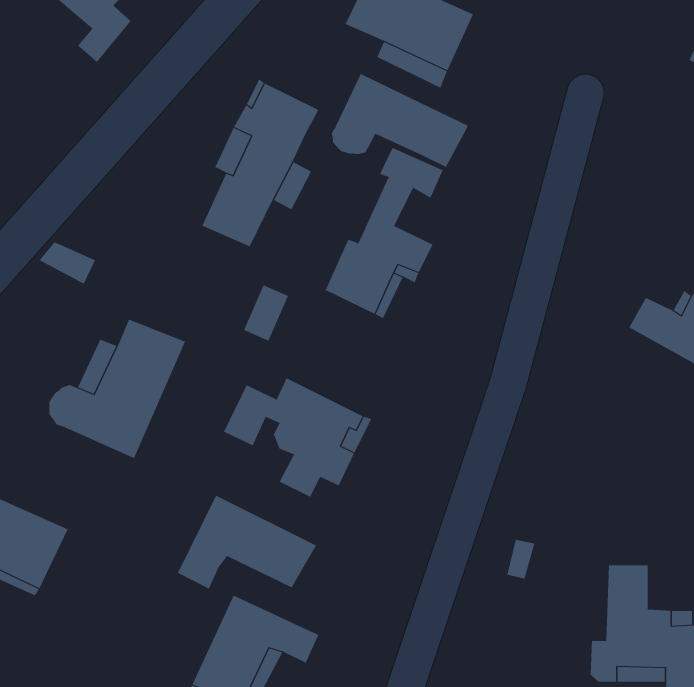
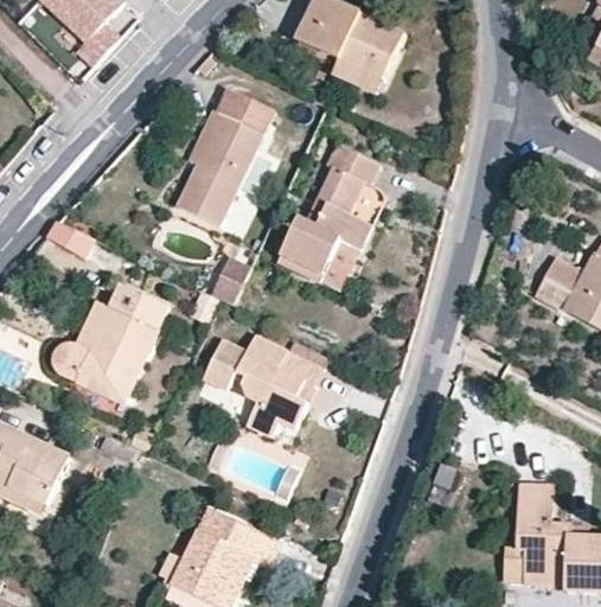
building: [331,73,469,168] -> none
building: [177,495,317,589] -> none

